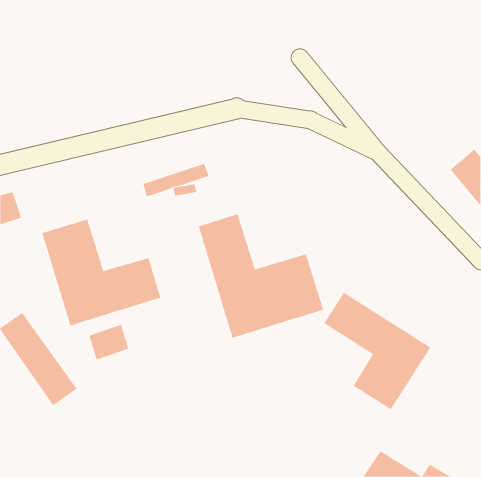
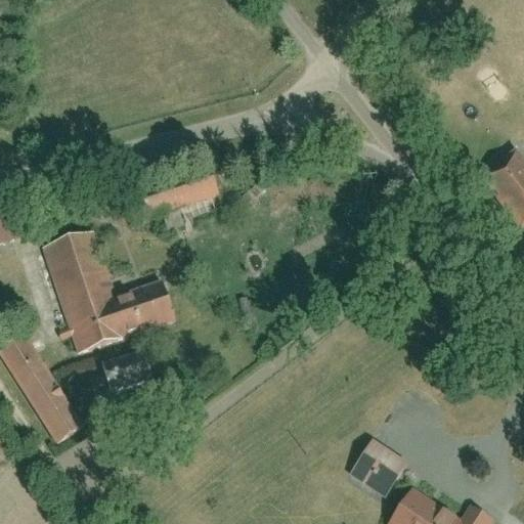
building: [198,213,324,339] -> none
building: [324,292,431,410] -> none
building: none -> [349,439,403,492]

